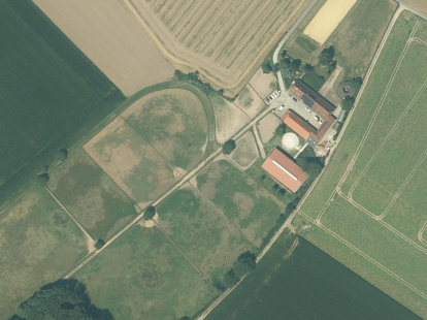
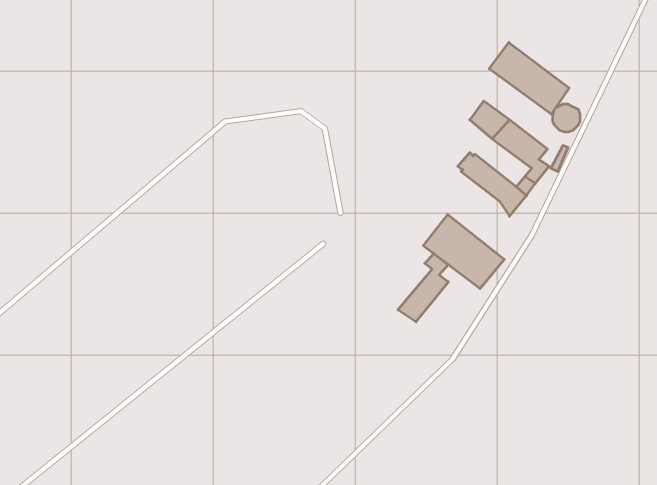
building: none -> [489,42,569,114]
building: none -> [398,253,448,322]

